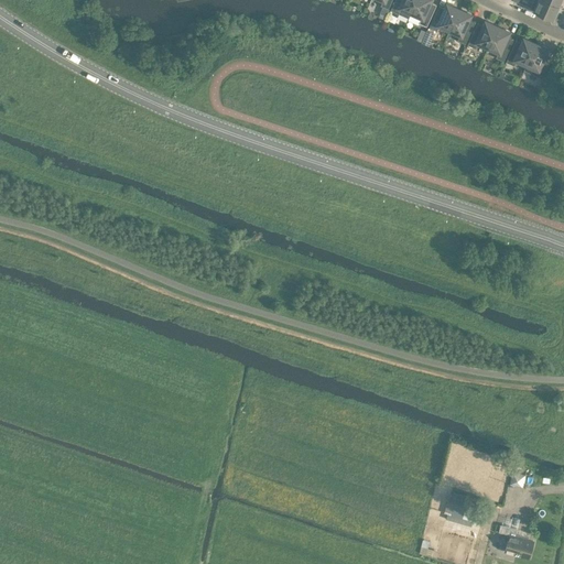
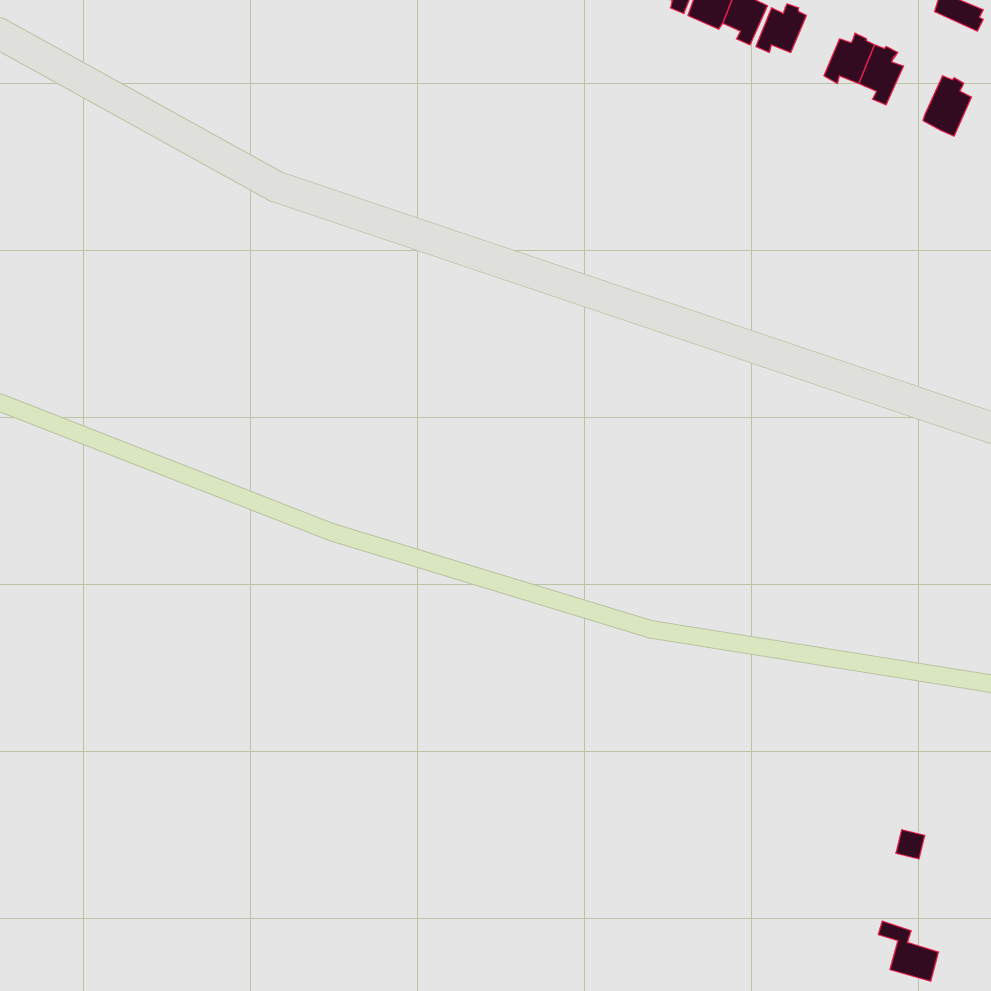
building: [448,9,474,42] -> none
building: [506,36,534,65] -> none

